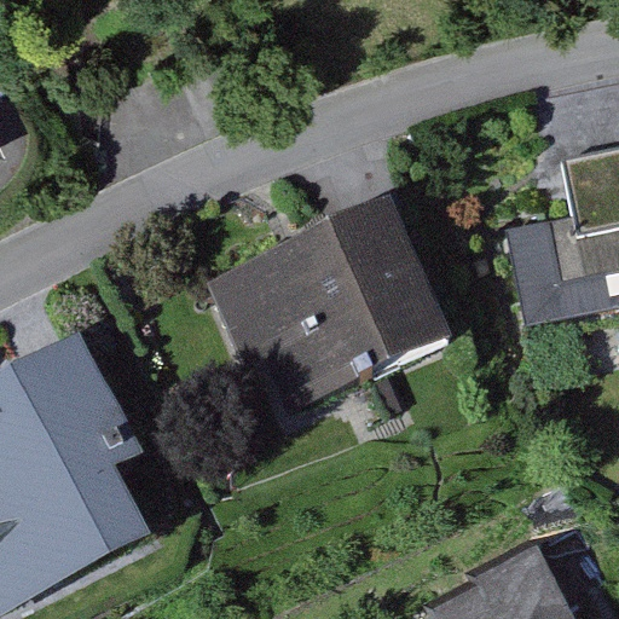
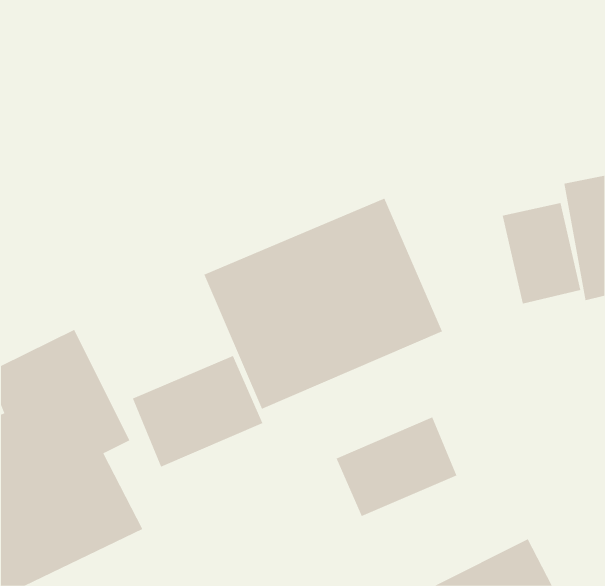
building: none -> [132,355,263,468]
building: none -> [336,417,457,517]

